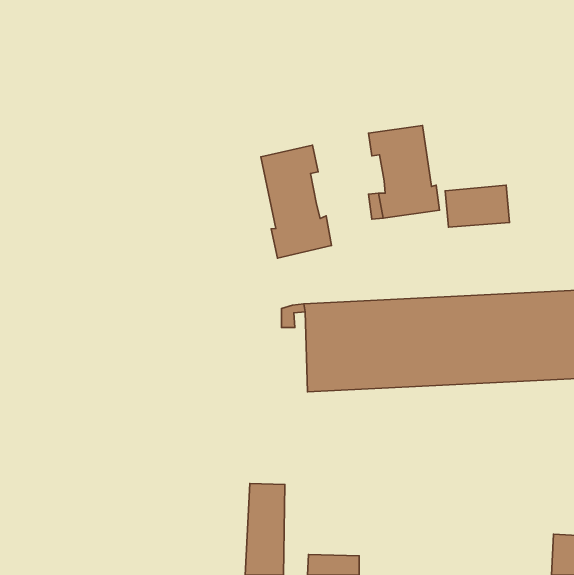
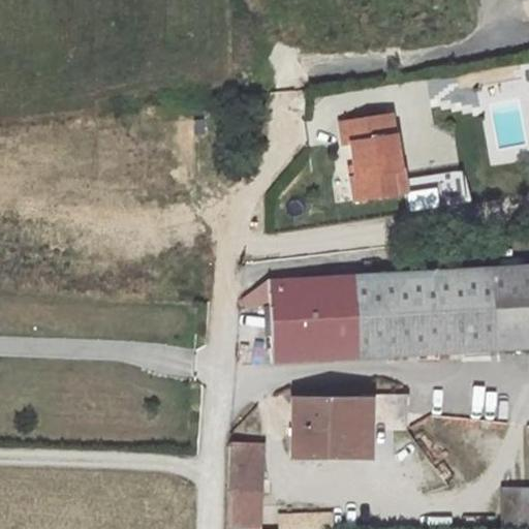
building: [261,145,332,258] -> none
building: none -> [297,407,371,463]

